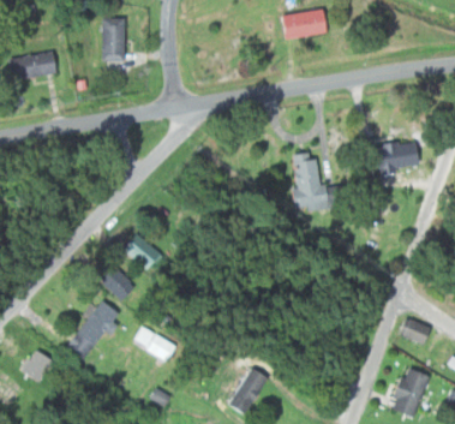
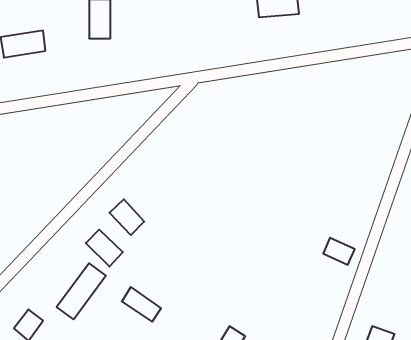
building: [373,142,417,173] -> none
building: [293,154,319,209] -> none
building: [399,317,432,346] -> [323,238,355,265]

